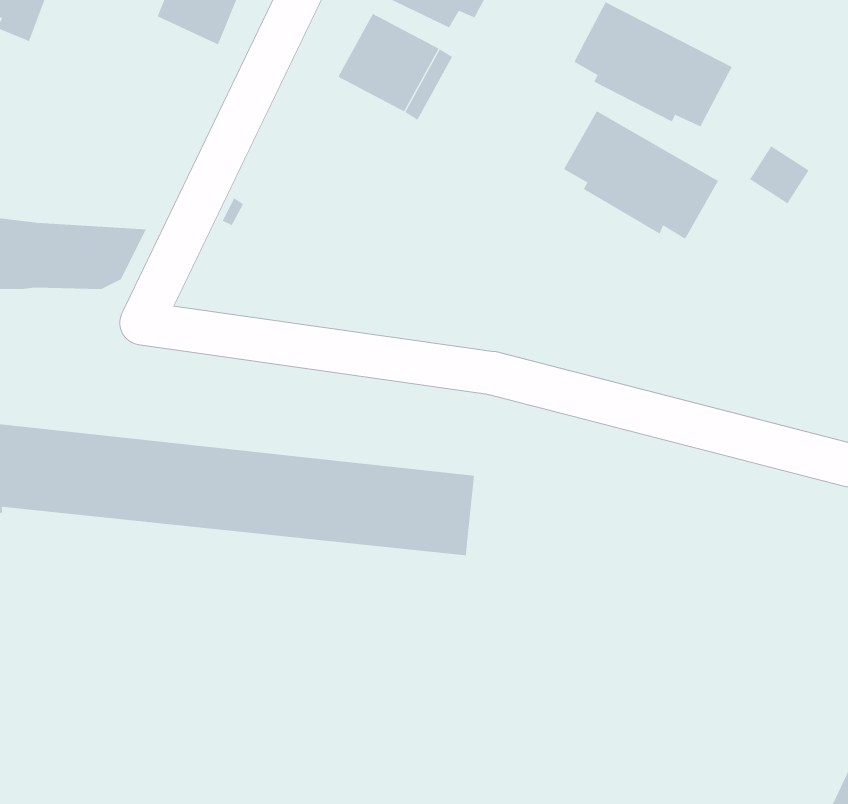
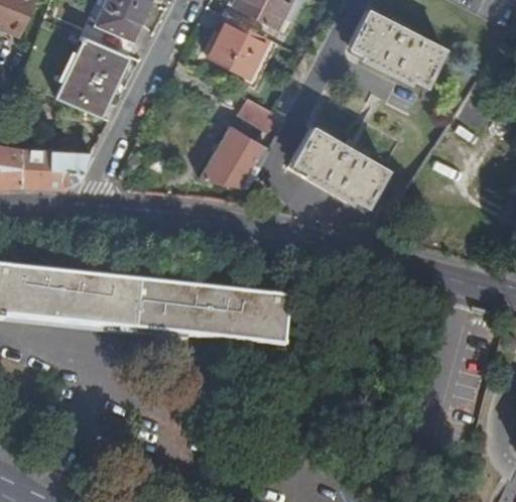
building: none -> [56,33,131,115]
building: [563,110,719,239] -> [291,126,385,204]
building: none -> [199,94,284,180]

